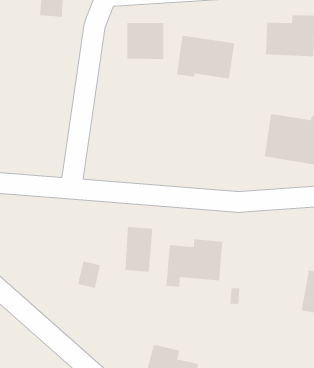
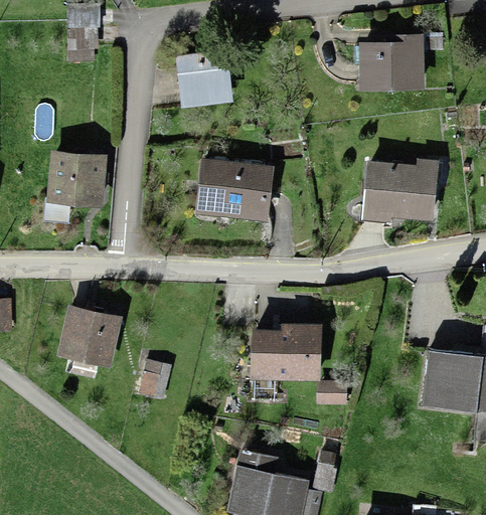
building: [176,35,235,80] -> [196,162,268,214]
building: none -> [54,156,110,202]
building: none -> [60,312,116,359]
building: [124,226,153,272] -> none

